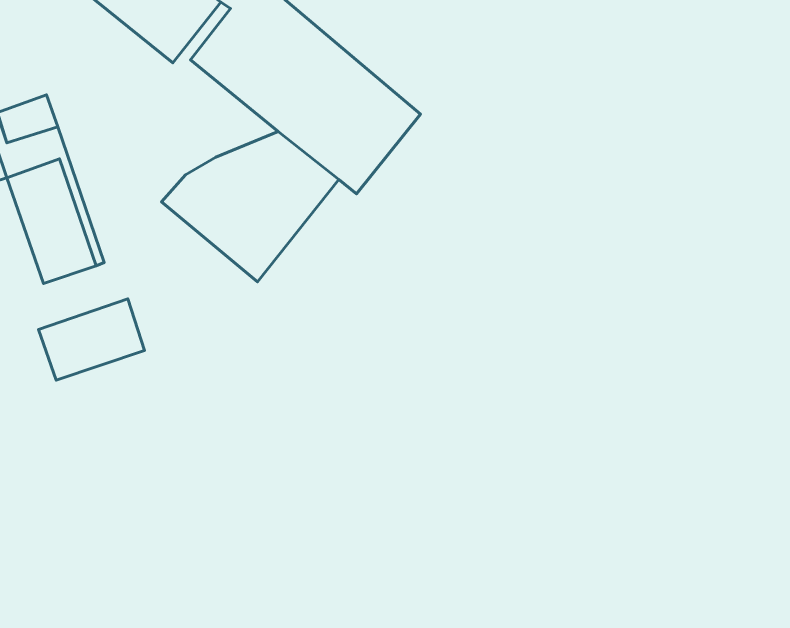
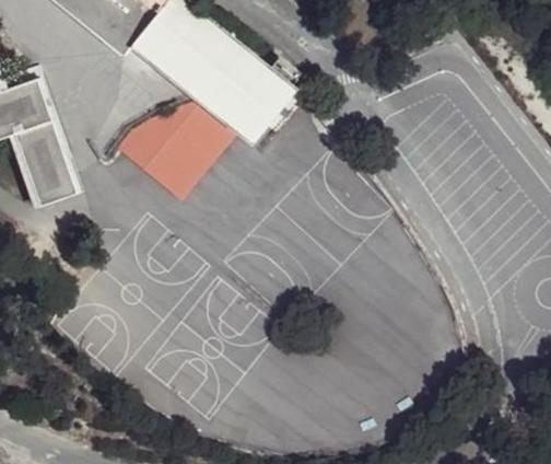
building: [39,299,145,380] -> none

